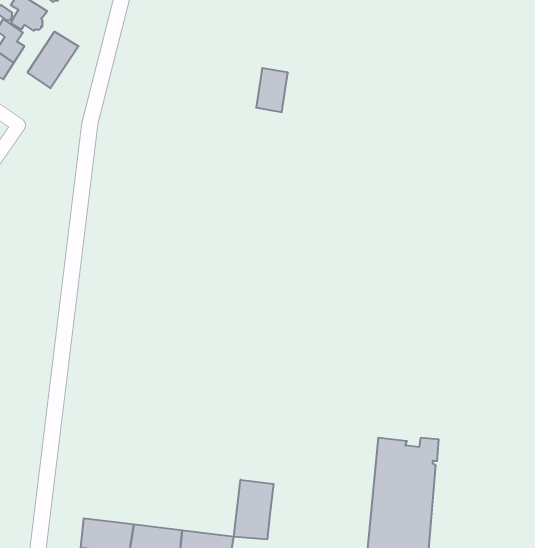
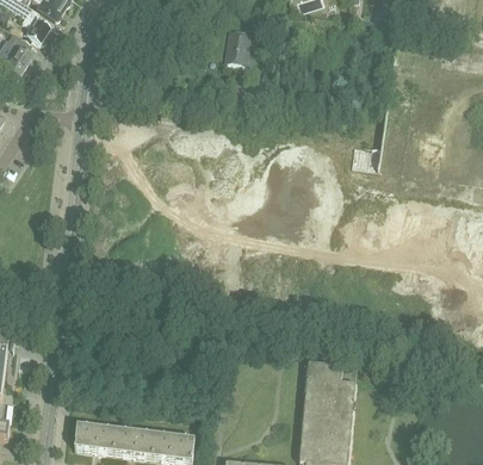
building: [28,32,79,88] -> none
building: [256,68,288,112] -> [224,29,249,63]
building: [234,480,274,539] -> none

